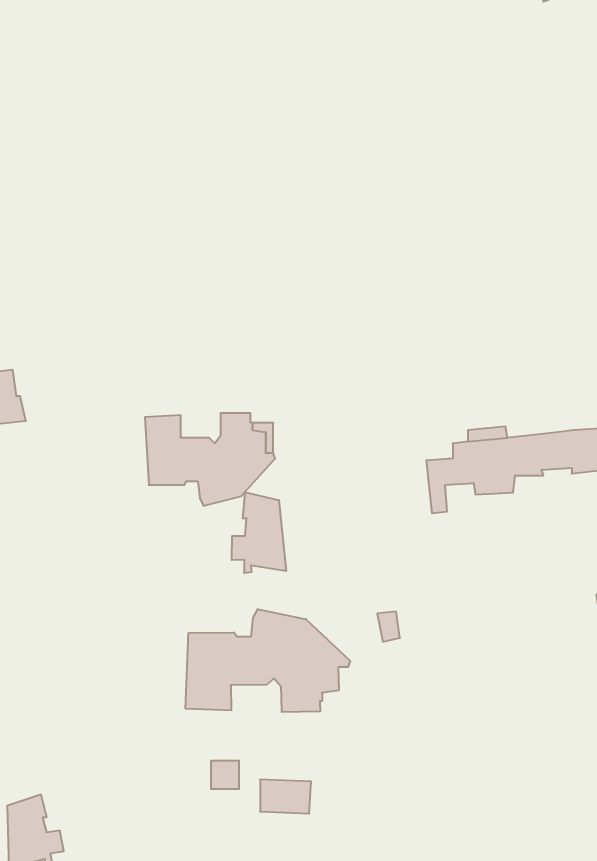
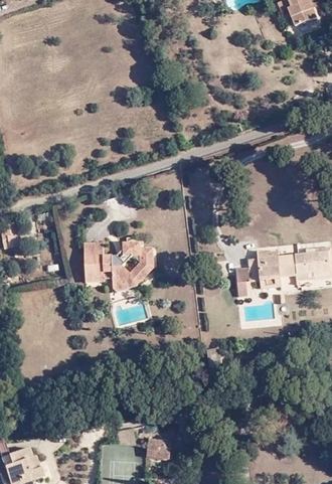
building: [232,492,286,573] -> none
building: [186,609,350,712] -> none

